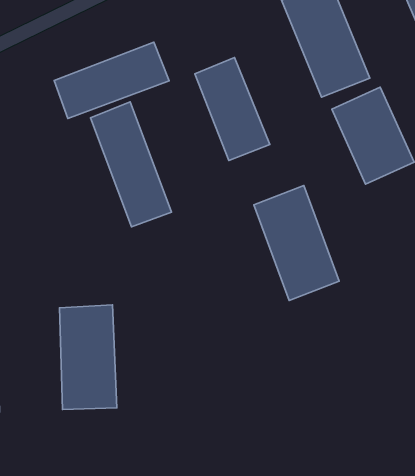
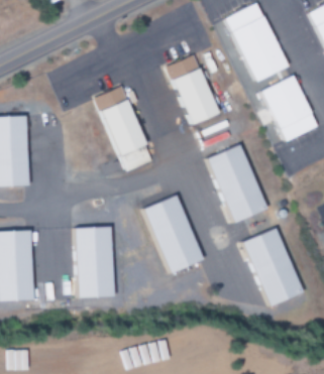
building: [54,42,169,119] -> none
building: none -> [144,195,203,273]
building: none -> [243,228,303,306]

